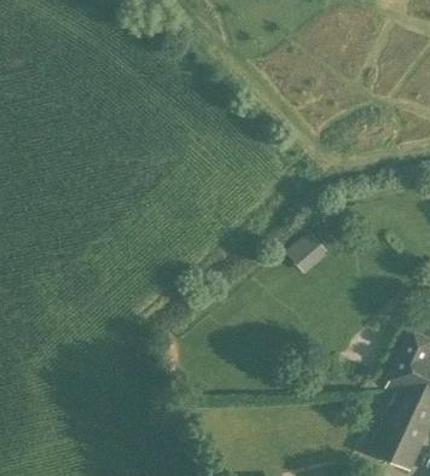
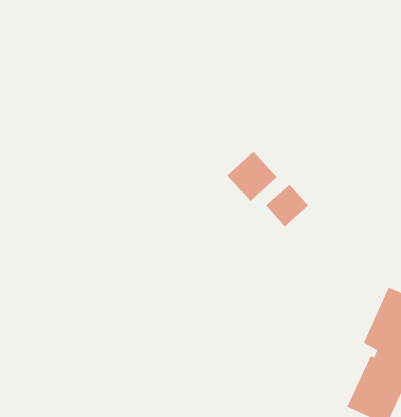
building: none -> [226,151,277,202]

